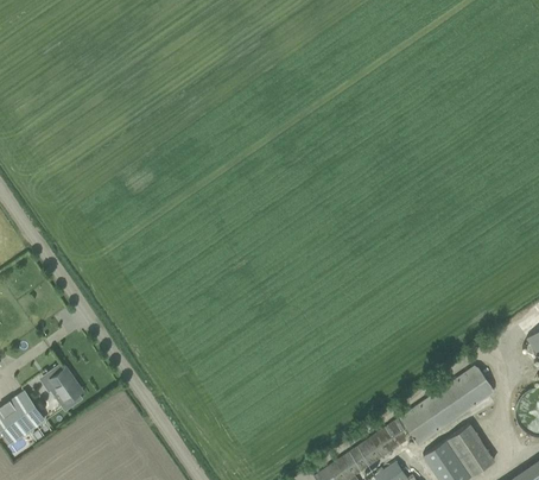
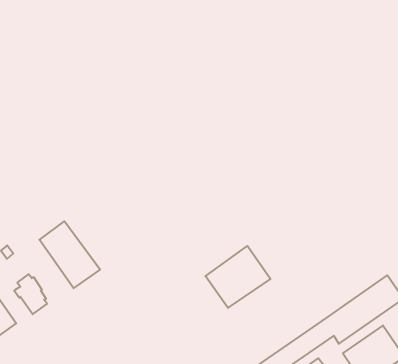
building: none -> [39,221,100,288]
building: none -> [205,246,270,308]

